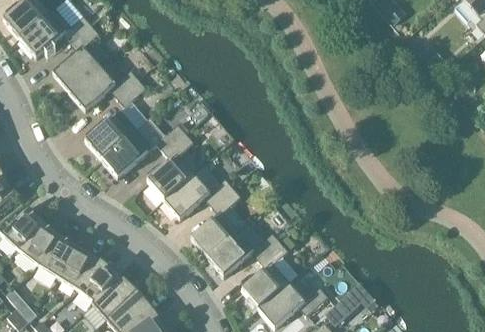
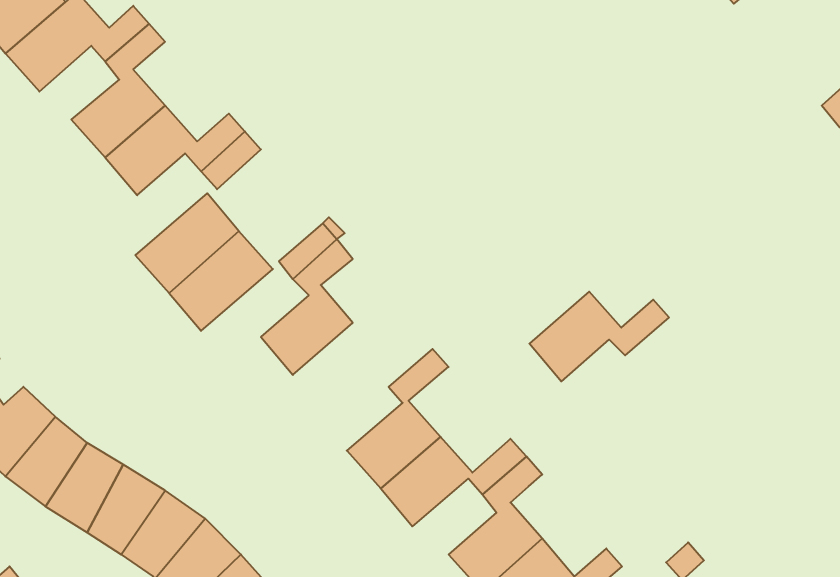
building: [163,174,233,219] -> [529,292,669,381]

